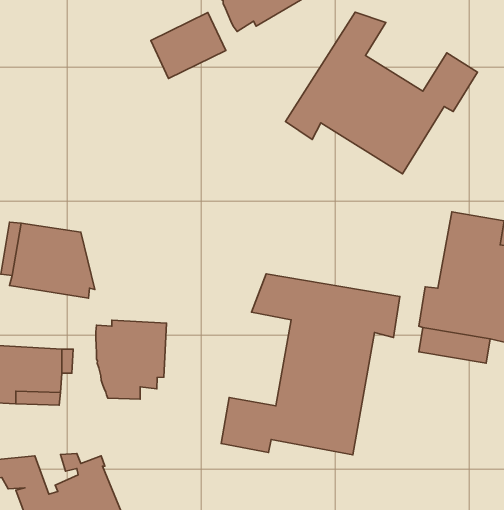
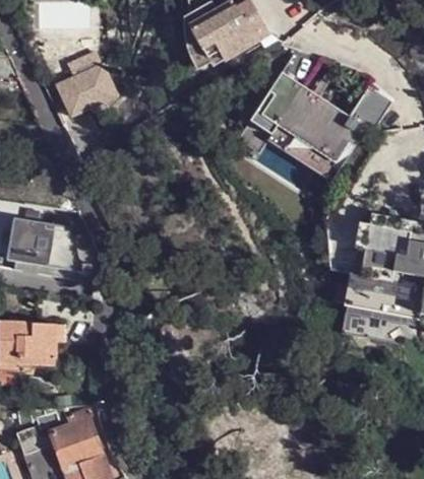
building: [151,12,226,79] -> [57,64,117,117]
building: [221,274,400,455] -> none
building: [96,320,166,399] -> none

